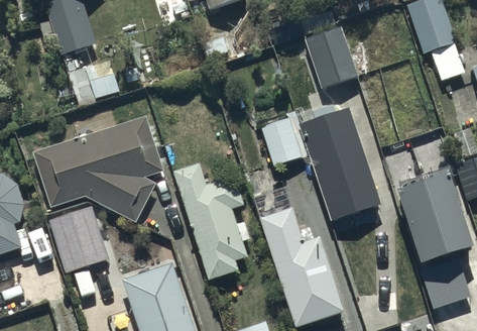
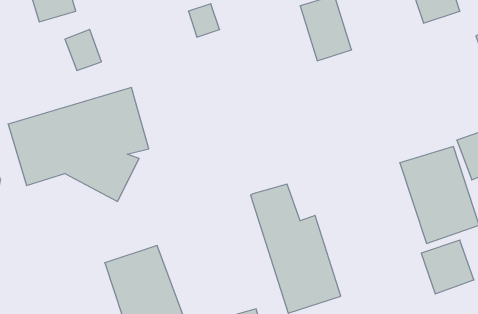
building: [259,108,380,222] -> none
building: [173,162,252,280] -> none
building: [49,207,107,273] -> none

